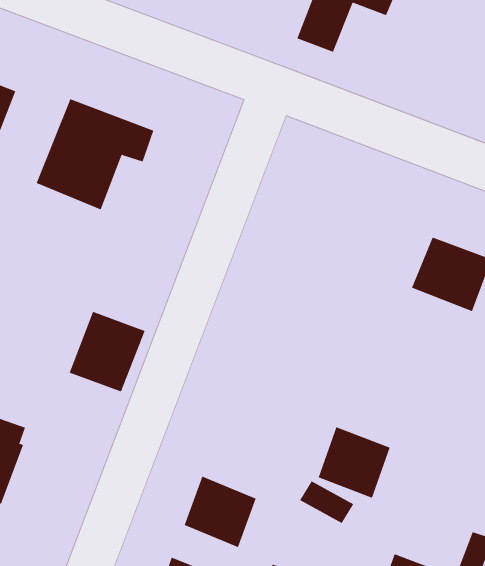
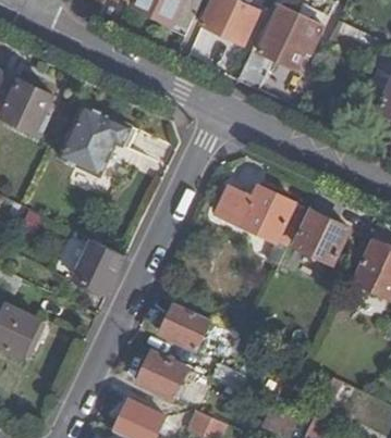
building: none -> [213,184,304,262]
building: [318,427,390,499] -> [159,301,207,349]

